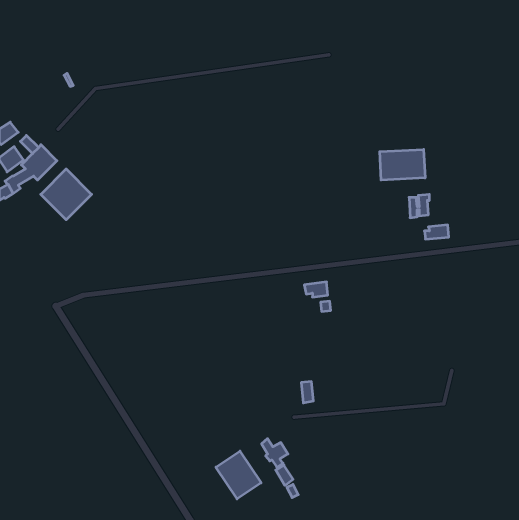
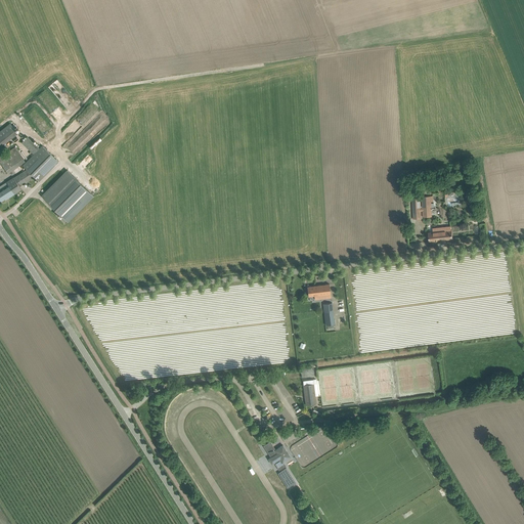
building: [380,149,425,180] -> none
building: [216,451,261,499] -> none

